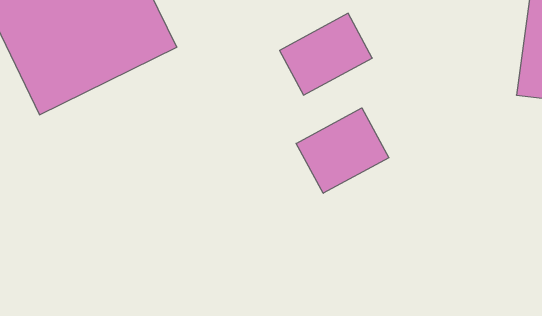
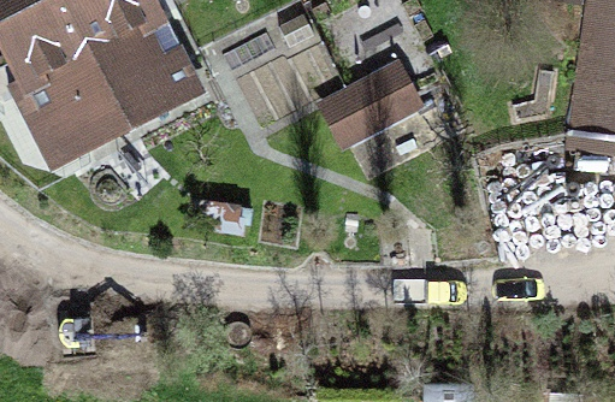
building: [296,108,389,193] -> none

